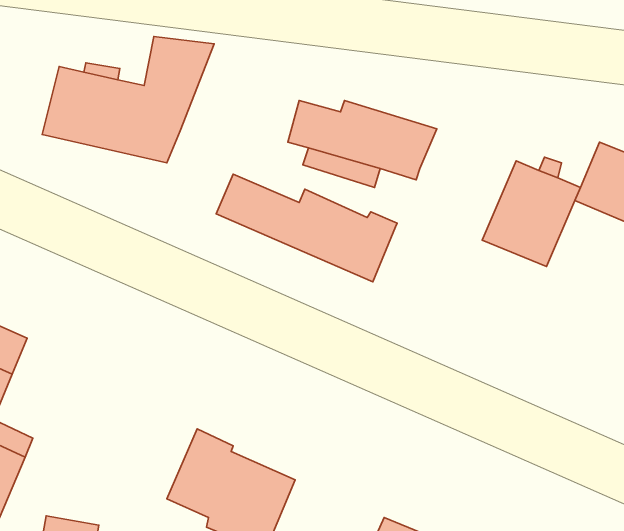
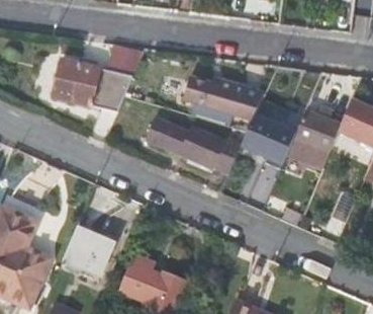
building: none -> [242,115,297,169]
building: none -> [64,229,113,277]

